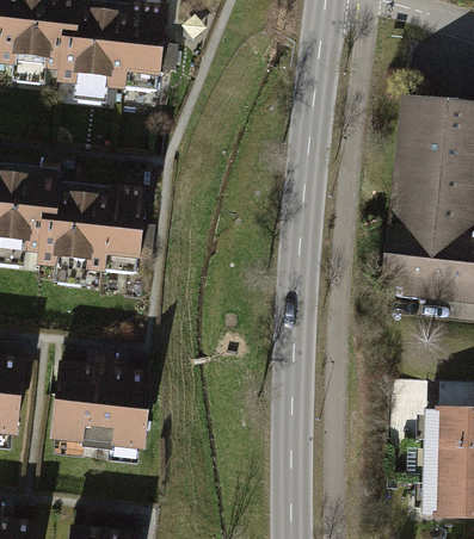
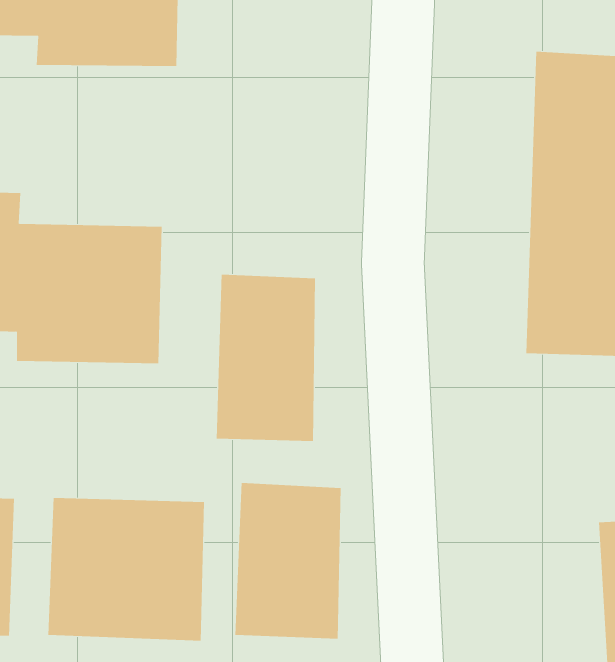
building: none -> [216,274,316,442]
building: none -> [235,482,341,639]

